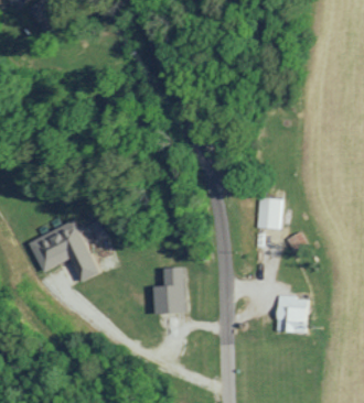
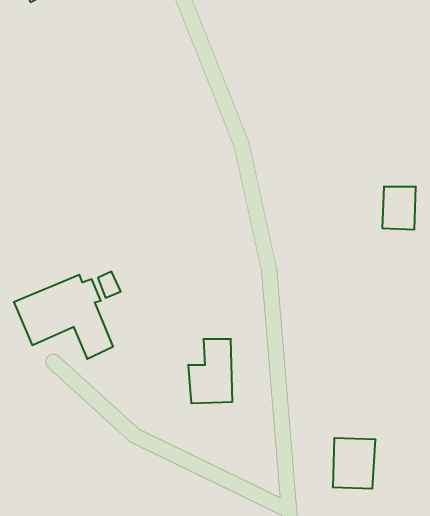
building: [257,198,281,229] -> [382,187,416,230]
building: [277,296,308,333] -> [333,438,376,489]

